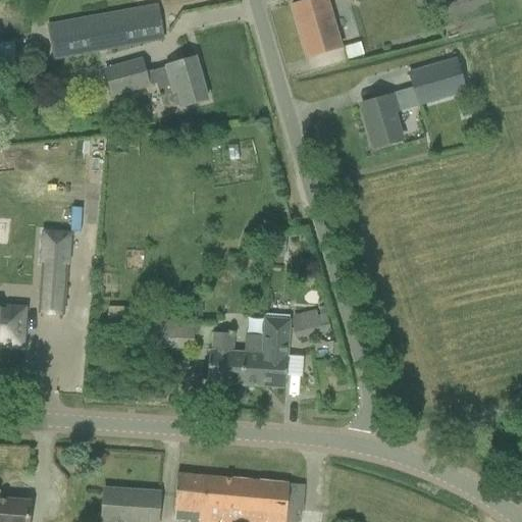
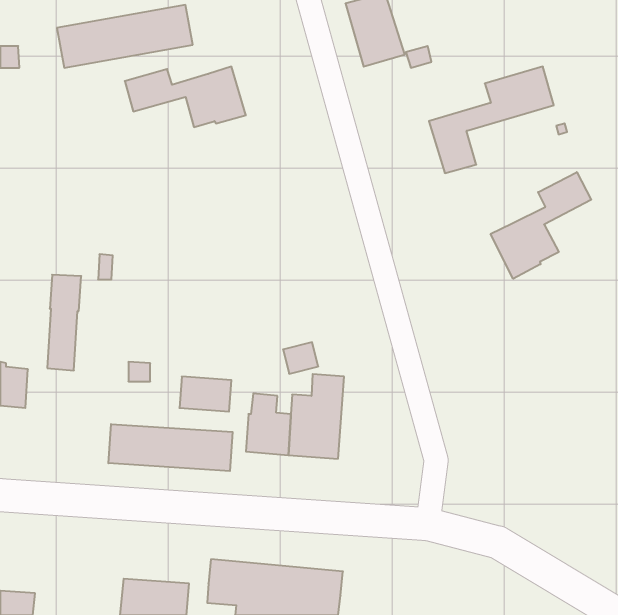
building: none -> [491,172,591,279]
building: [292,309,321,335] -> [283,342,318,374]
building: none -> [108,424,233,471]

